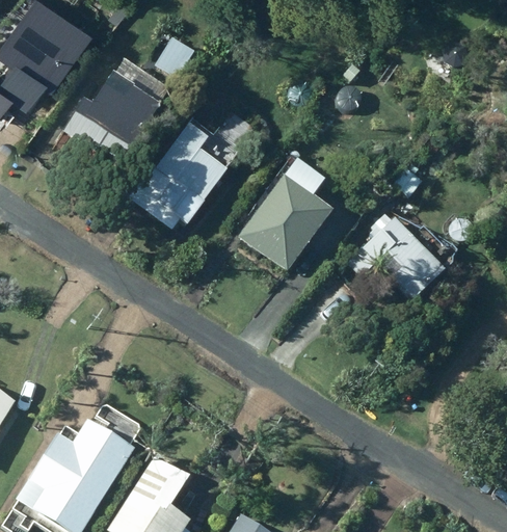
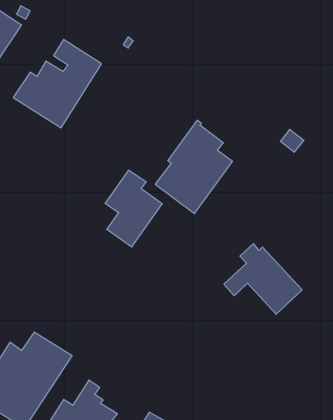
building: [155,127,225,221] -> [105,170,162,247]
building: [348,212,445,299] -> [224,244,302,314]

